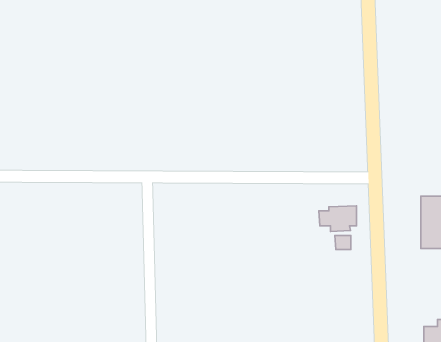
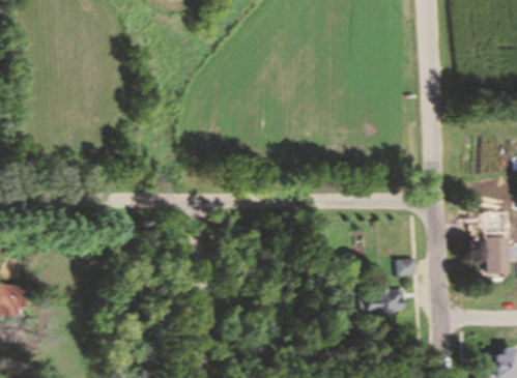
building: [319,206,356,232] -> [364,288,403,315]

